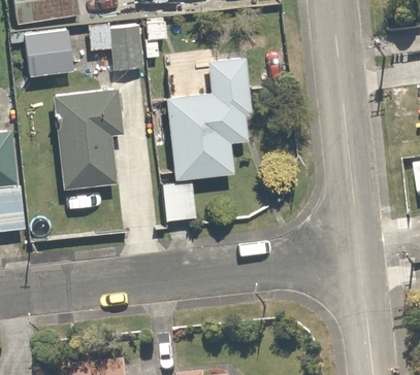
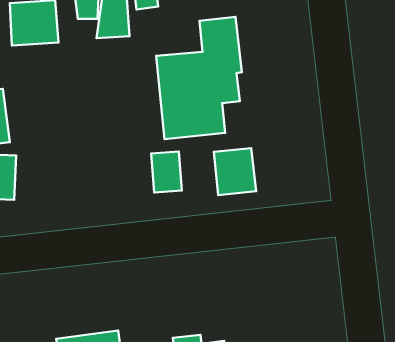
building: [52,78,123,180] -> none
building: none -> [214,148,256,195]

